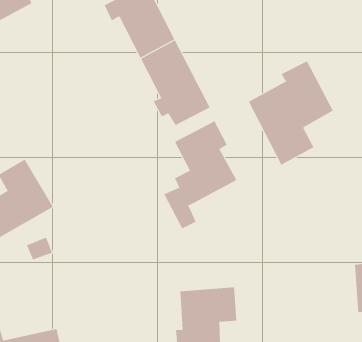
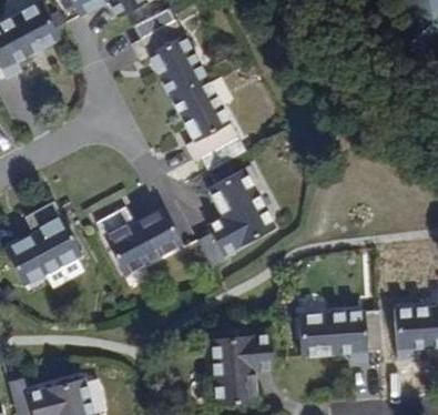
building: [248,61,333,165] -> none
building: none -> [96,206,183,272]
building: none -> [299,311,383,363]

